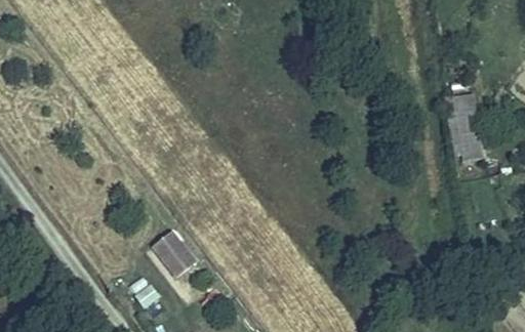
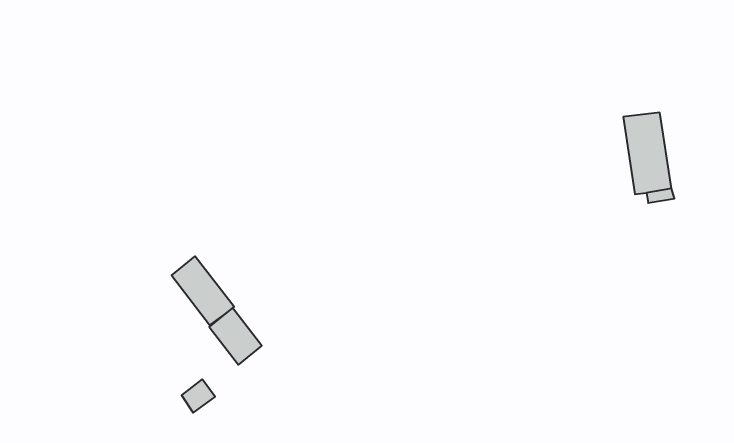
building: none -> [172,256,234,325]

